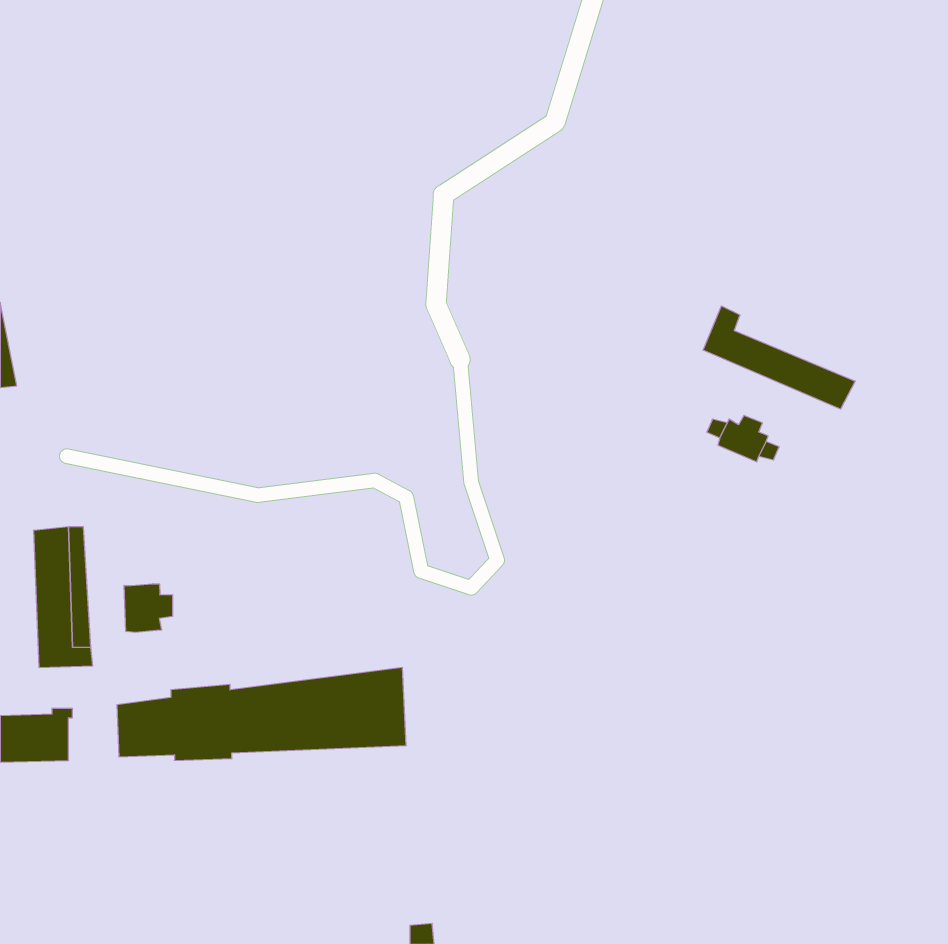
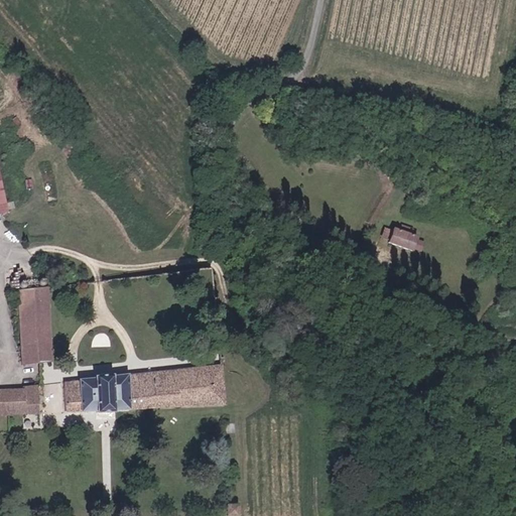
building: [703,306,855,409] -> none
building: [124,584,173,632] -> none

